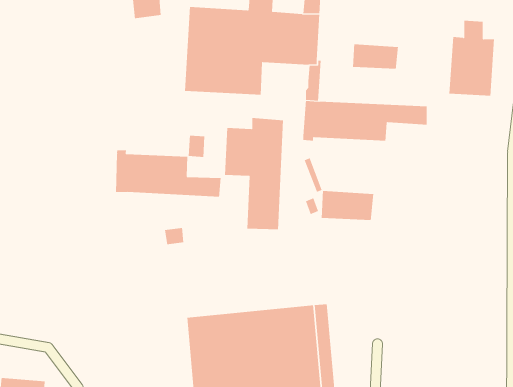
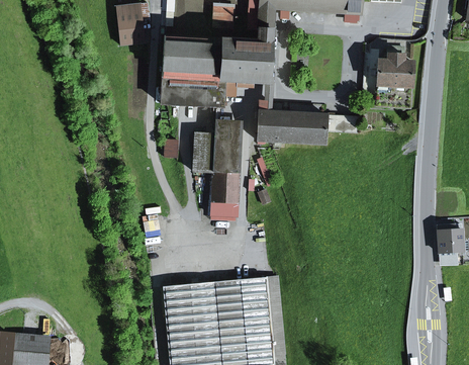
building: [353,44,398,69] -> none
building: [115,150,221,197] -> none
building: [321,190,374,221] -> none

